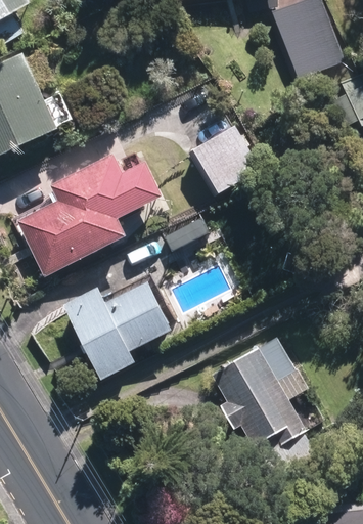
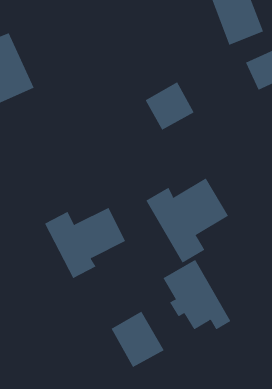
building: [19,155,161,273] -> none
building: none -> [146,178,229,263]
building: none -> [111,311,165,368]

